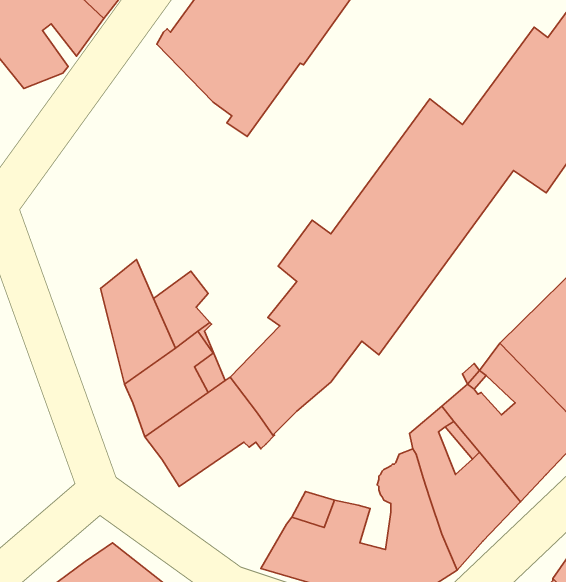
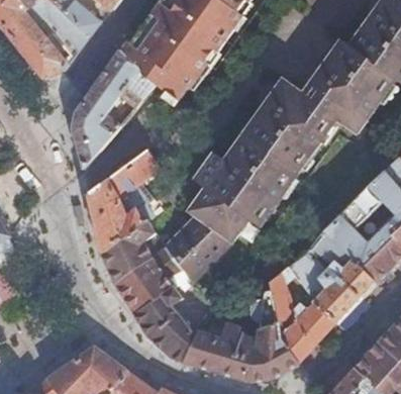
building: none -> [72,47,154,172]
building: none -> [108,150,160,202]
building: none -> [133,287,197,362]

